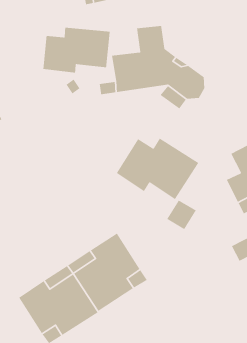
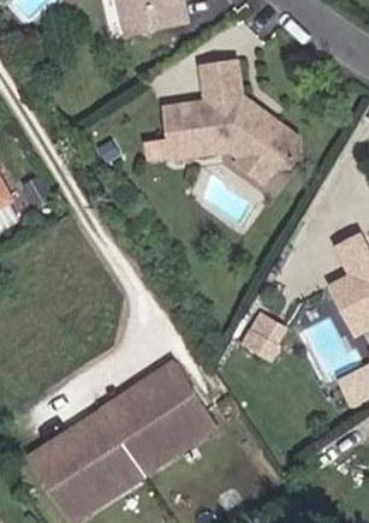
building: [42,27,111,73] -> none
building: [116,138,200,200] -> none

